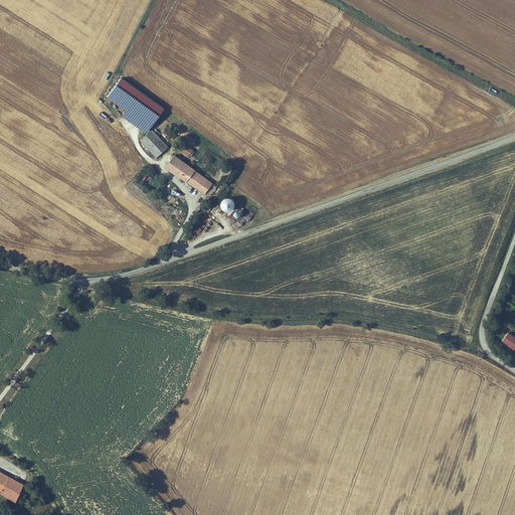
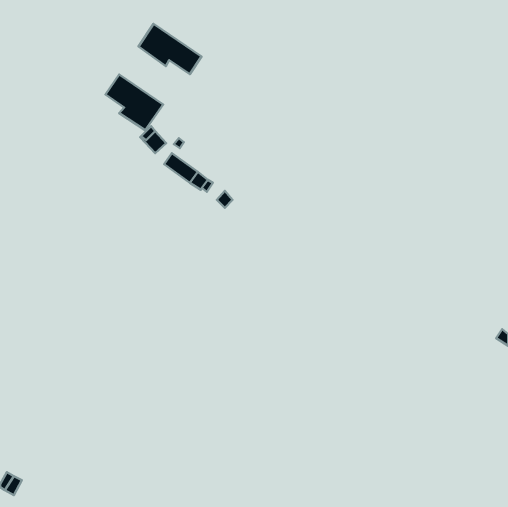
building: none -> [138,24,201,74]

